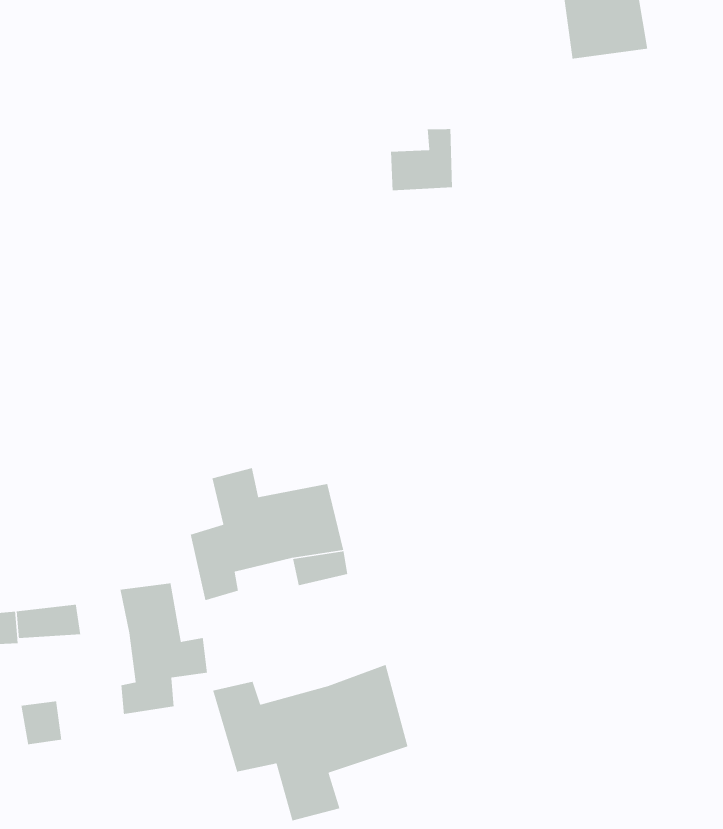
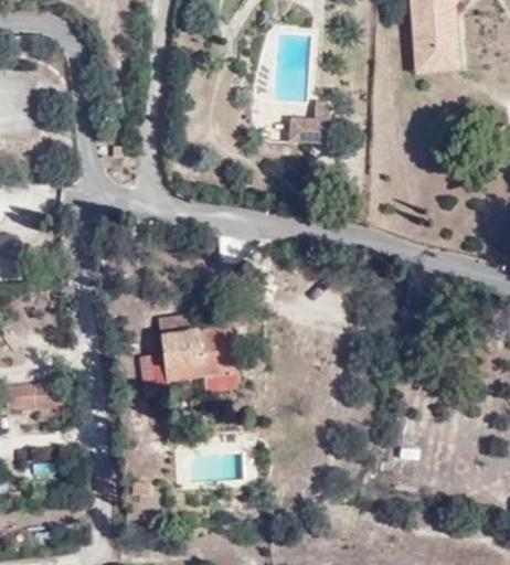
building: [120,582,208,715] -> none
building: [212,664,409,822] -> none

